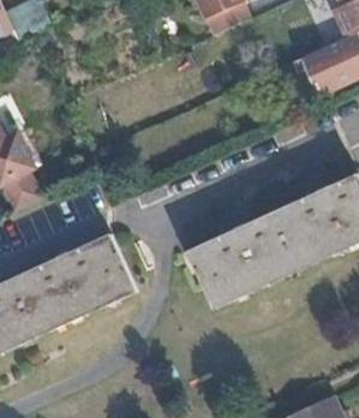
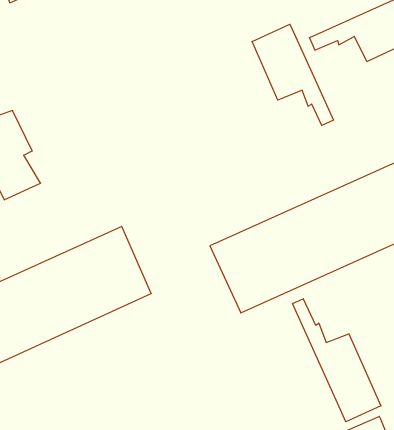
building: none -> [252,24,333,125]
building: none -> [293,299,381,422]

